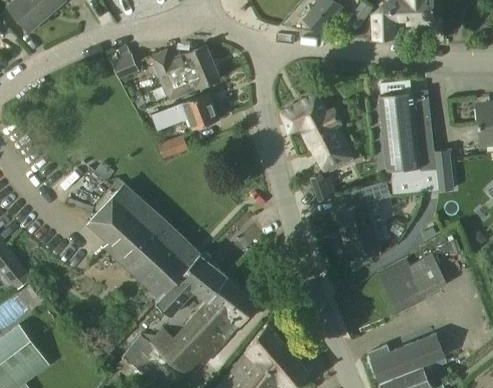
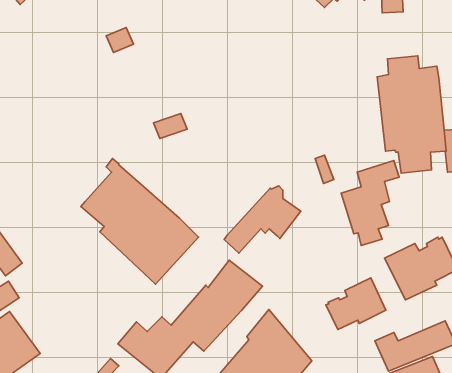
building: [151,45,220,100] -> none
building: [280,92,354,175] -> none
building: [151,93,219,132] -> none
building: [156,252,229,316] -> [224,186,301,253]
building: none -> [326,278,386,330]

